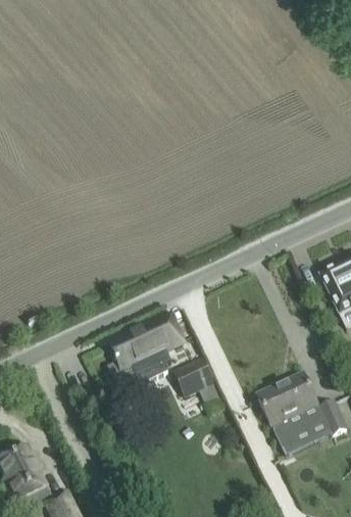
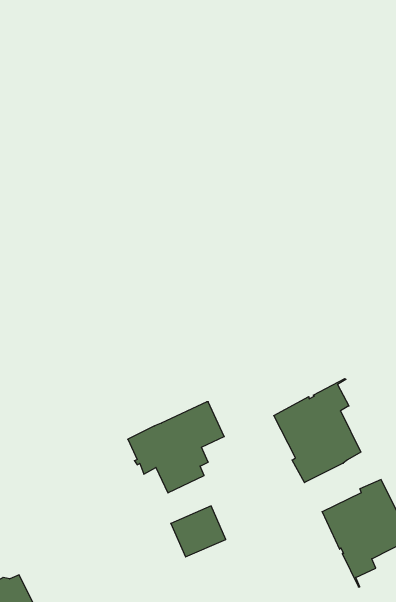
building: none -> [274,379,361,483]
building: [173,359,215,397] -> [171,506,226,557]

